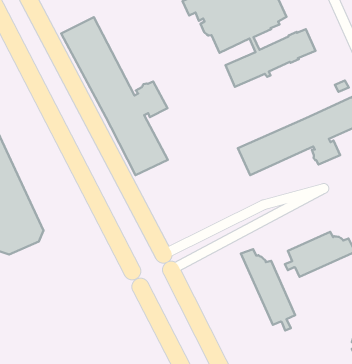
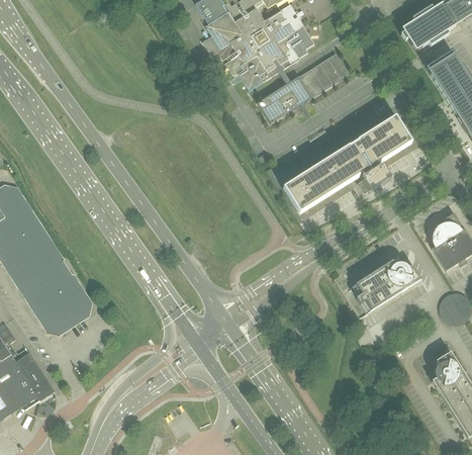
building: [61,17,168,175] -> none
building: [241,249,295,330] -> none

